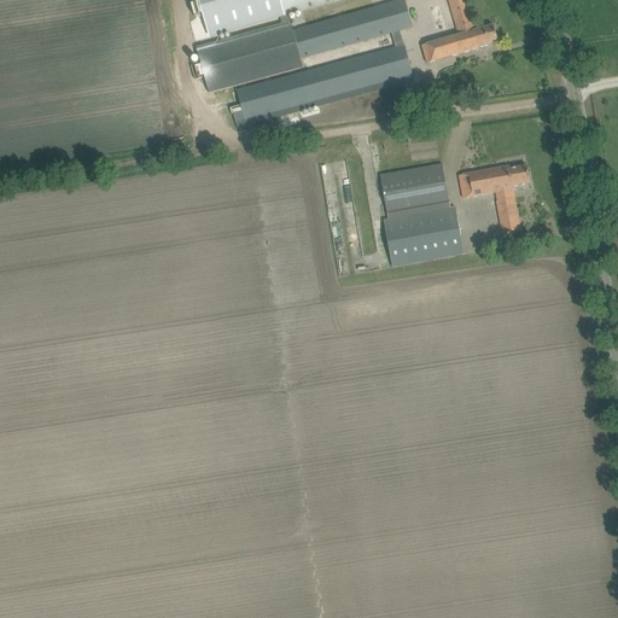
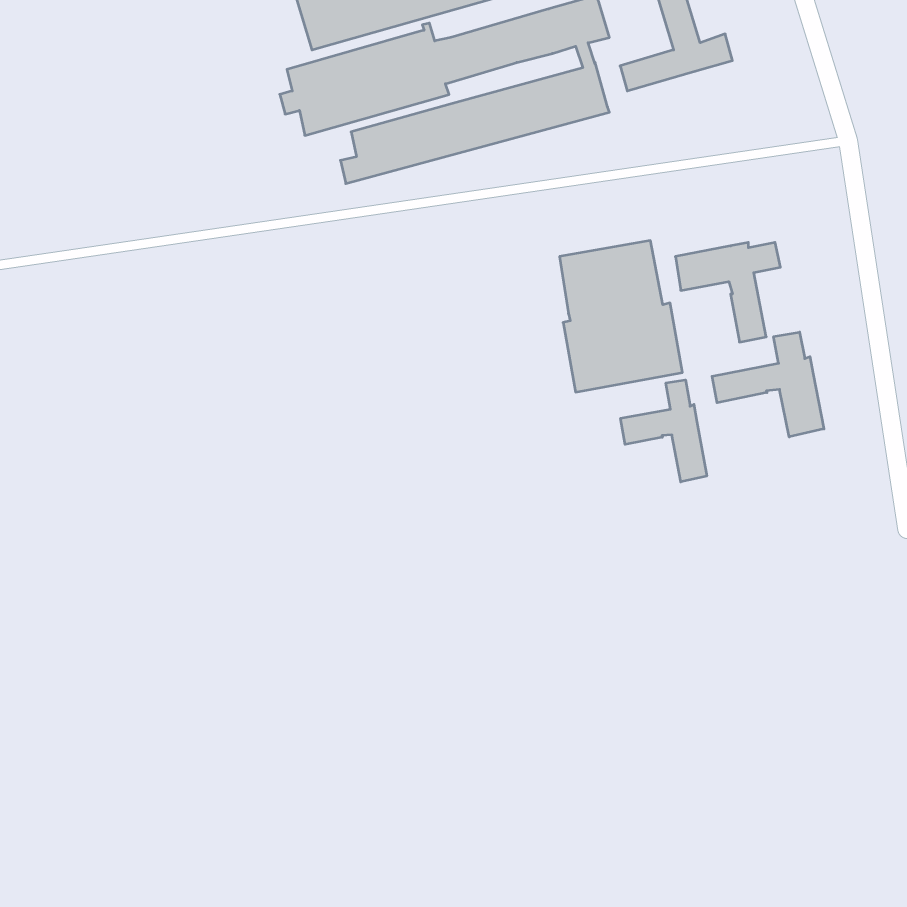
building: none -> [712,332,824,437]
building: none -> [621,380,707,482]

